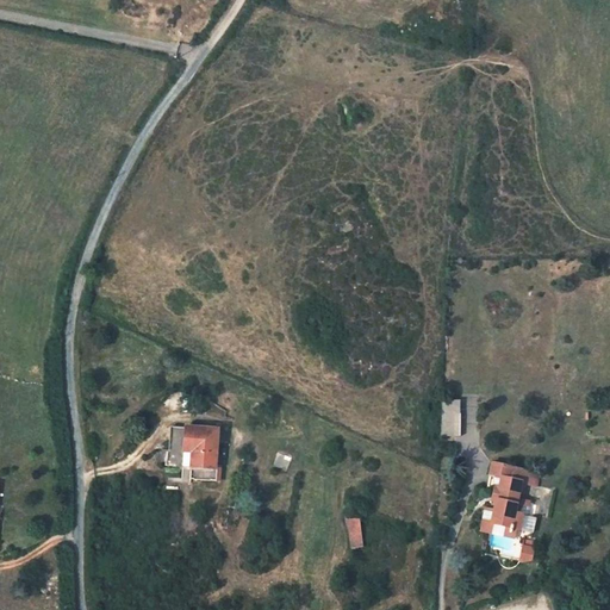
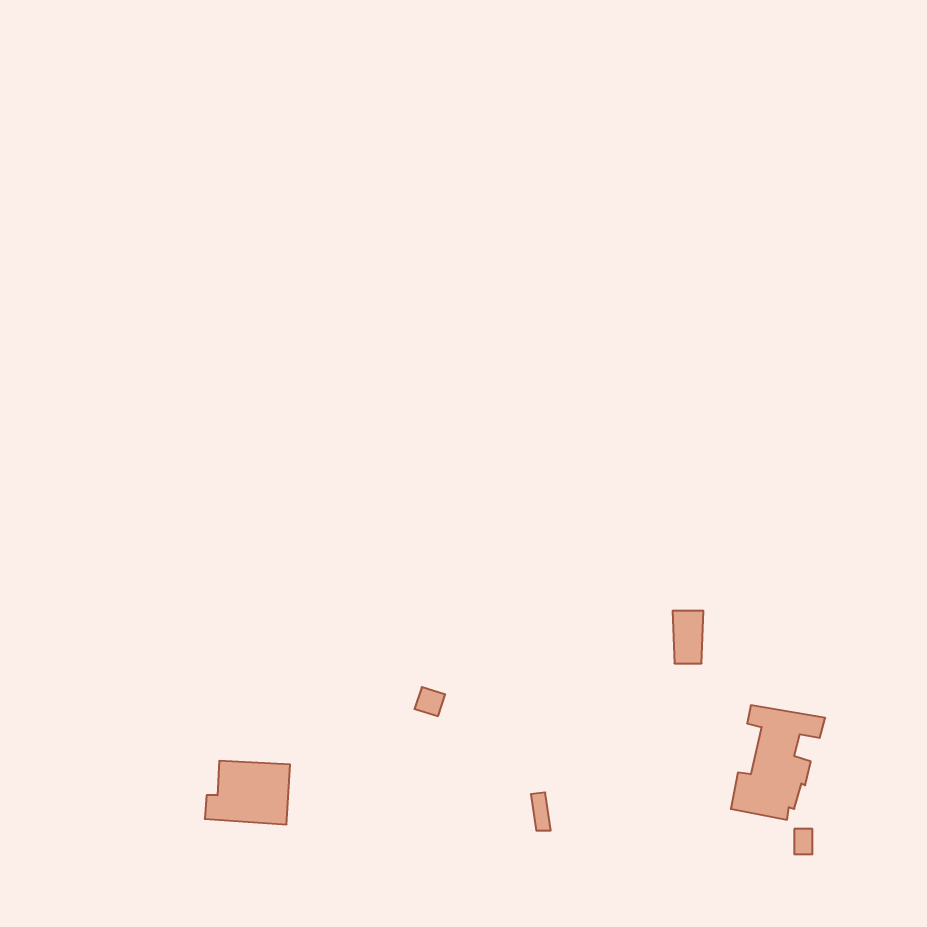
building: [162,425,218,467] -> [205,761,290,824]

